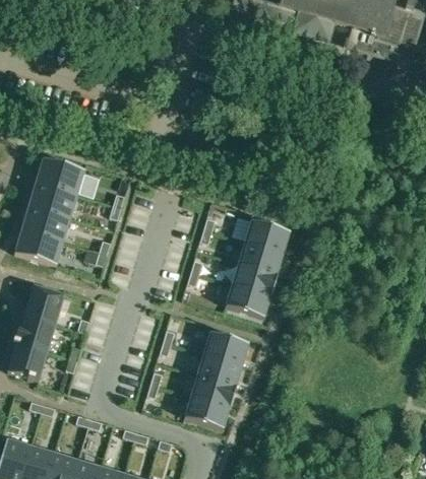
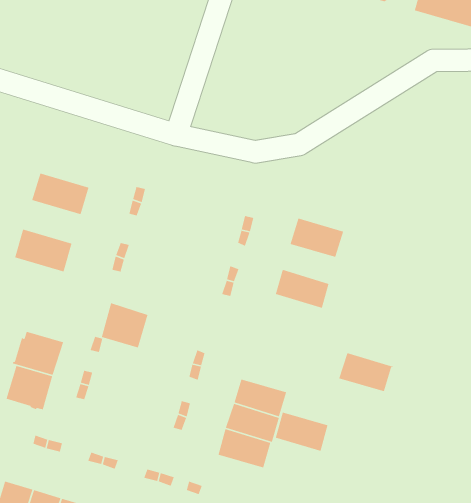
building: [36,157,84,194] -> none
building: [21,205,70,241] -> none
building: [238,242,283,274] -> none
building: [225,283,271,317] -> [338,352,394,392]
building: [24,284,64,323] -> [101,302,148,349]
building: [203,331,248,364] -> [275,411,328,452]

